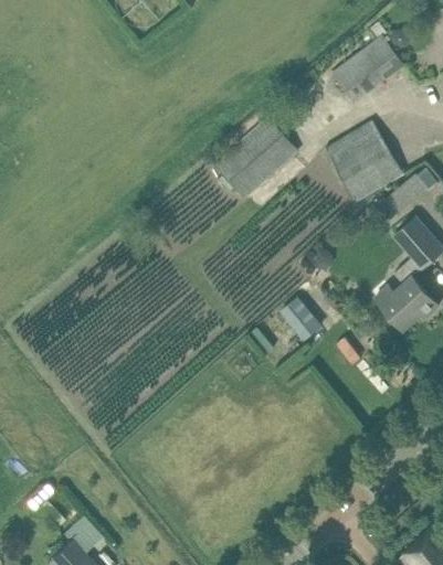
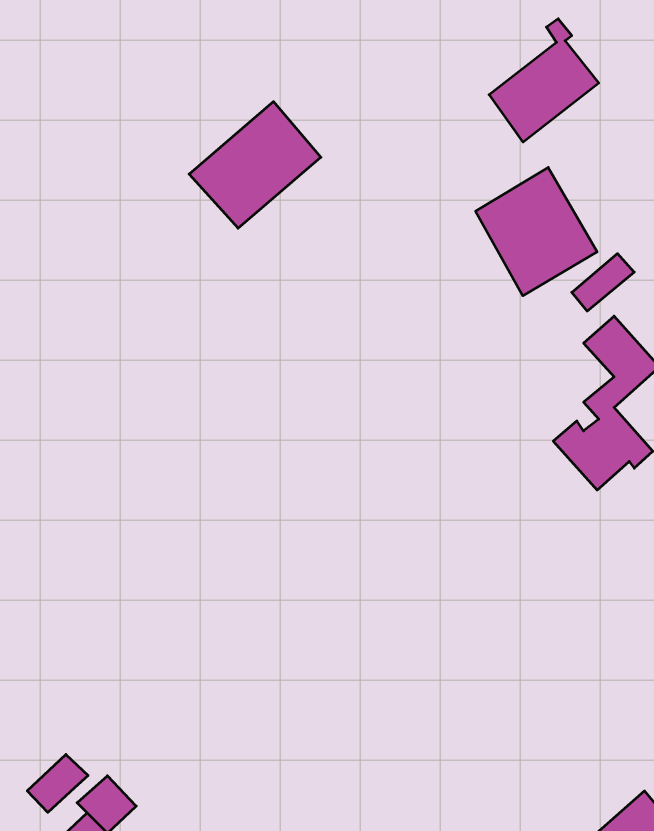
building: [213,116,299,199] -> [189,102,321,228]
building: [281,298,321,340] -> none
building: none -> [27,754,88,812]

